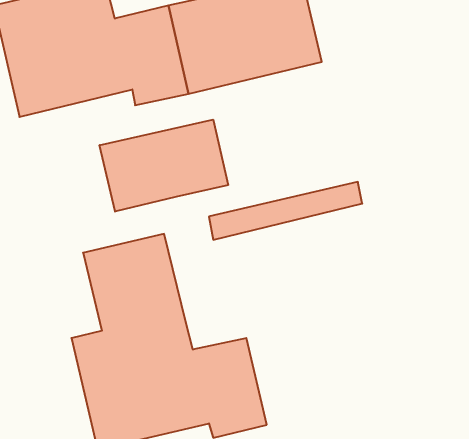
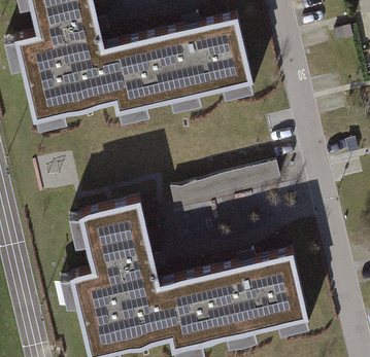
building: [100,120,228,212] -> none
building: none -> [198,252,307,336]

